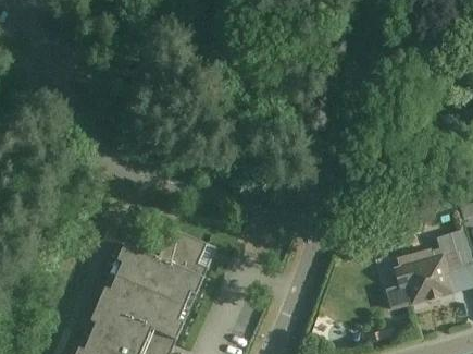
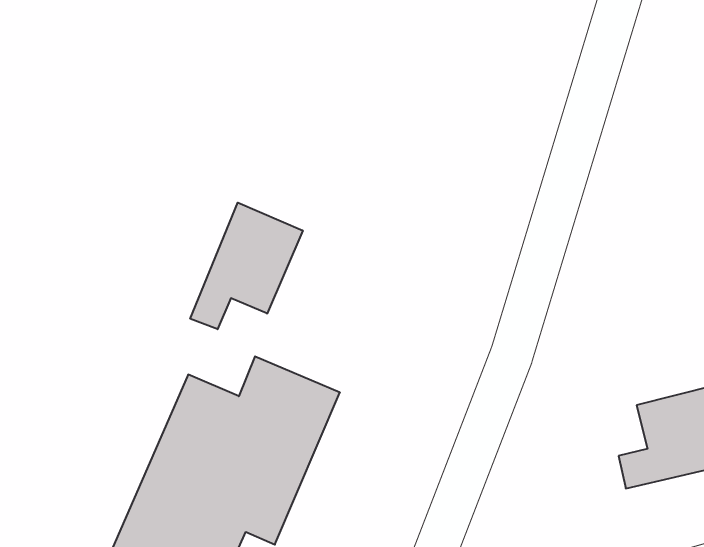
building: none -> [190,203,303,329]

